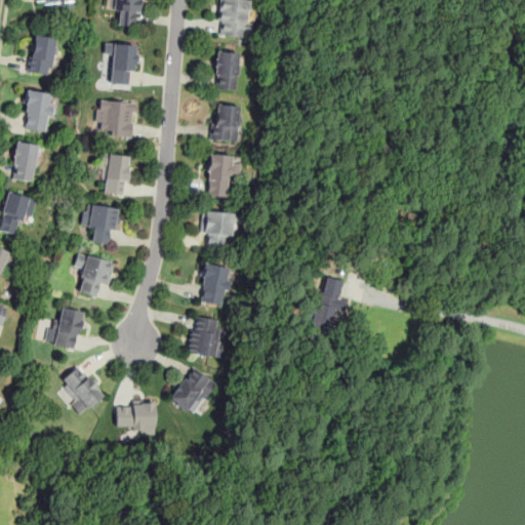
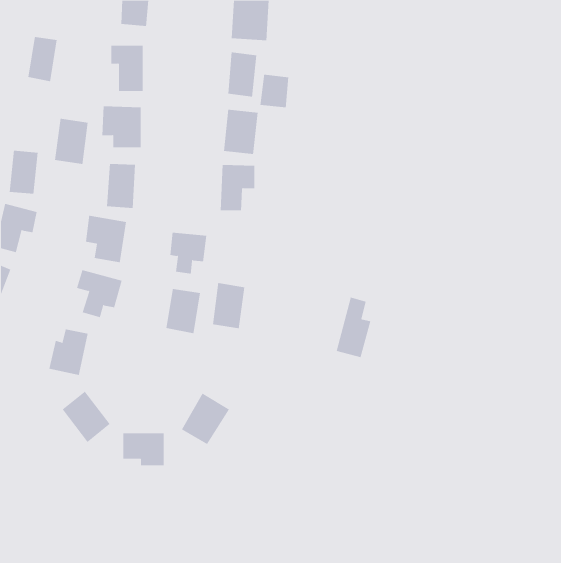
building: none -> [260,74,289,108]
building: [23,89,54,132] -> [54,118,89,165]
building: [202,210,237,249] -> [170,232,207,274]
building: [190,317,223,359] -> [166,289,201,334]

